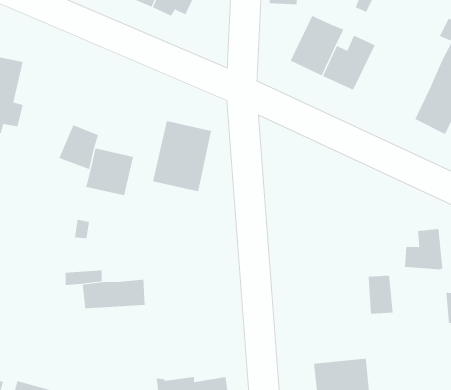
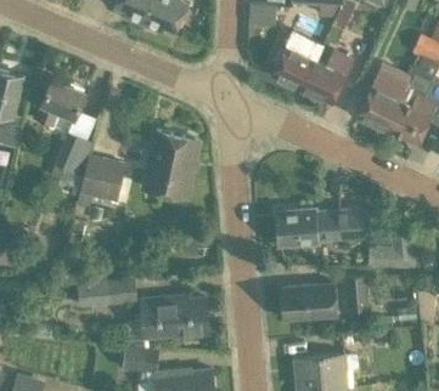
building: none -> [359,74,403,130]
building: none -> [35,79,86,127]
building: none -> [277,209,366,246]
building: none -> [282,284,338,321]
building: none -> [141,298,209,338]
building: none -> [123,347,159,373]

